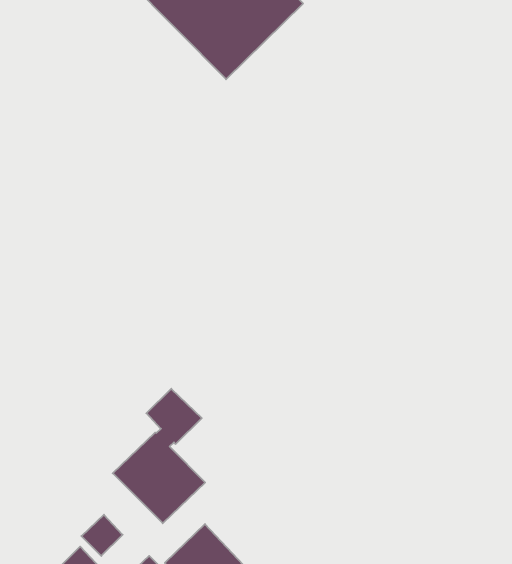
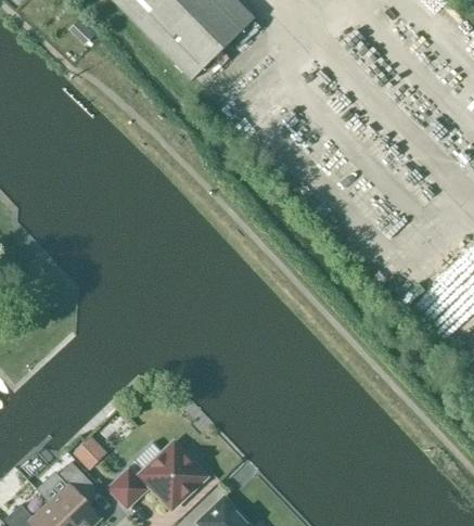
building: [113,389,205,523] -> none

